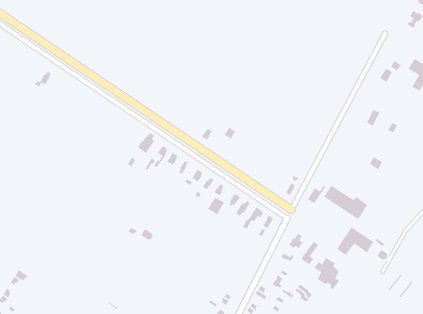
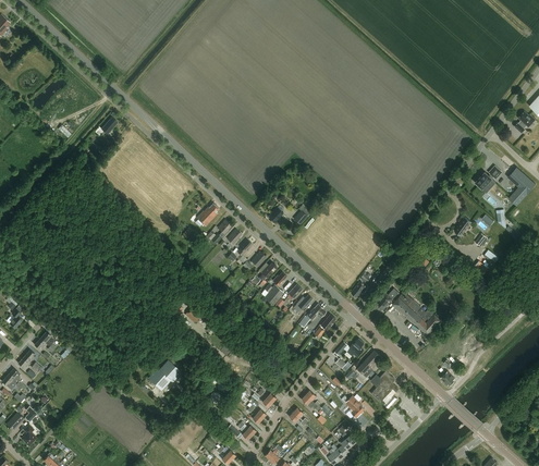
building: [336,227,375,256] -> none
building: none -> [148,360,182,391]

